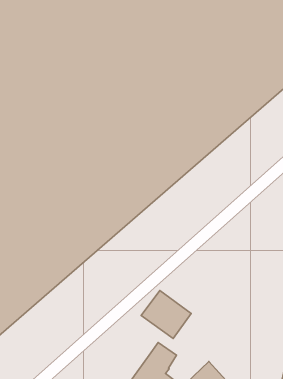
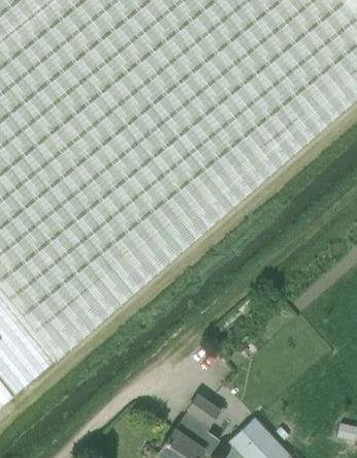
building: [141,291,191,339] -> none

